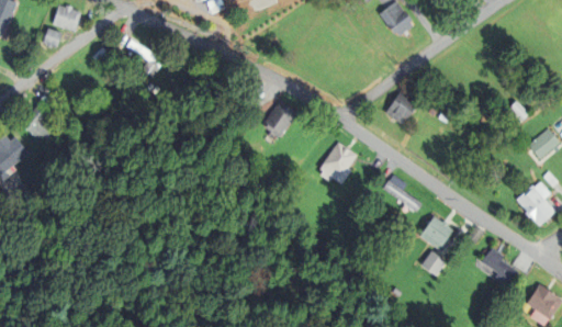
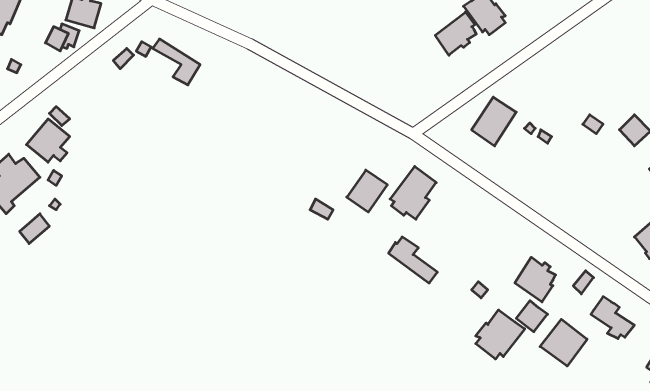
building: none -> [435,12,476,55]
building: [261,101,294,135] -> [347,170,387,212]
building: [381,176,420,213] -> [389,237,437,283]
building: none -> [476,310,525,359]
building: none -> [540,319,587,366]

